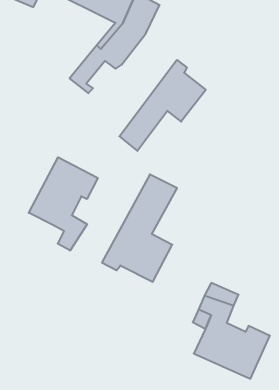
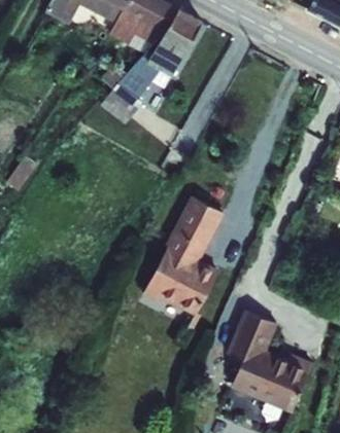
building: [119,60,206,151] -> none
building: [29,157,98,251] -> none

